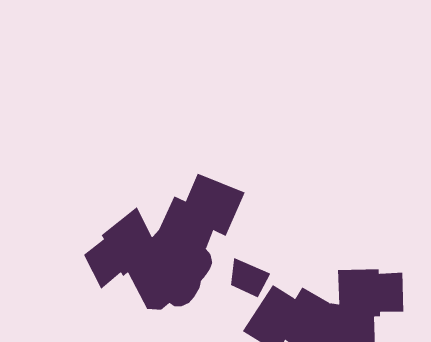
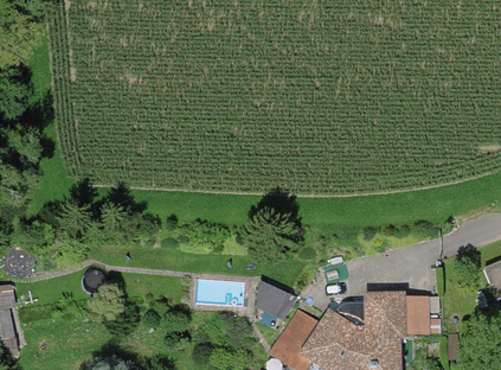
building: [83,173,245,310] -> none

